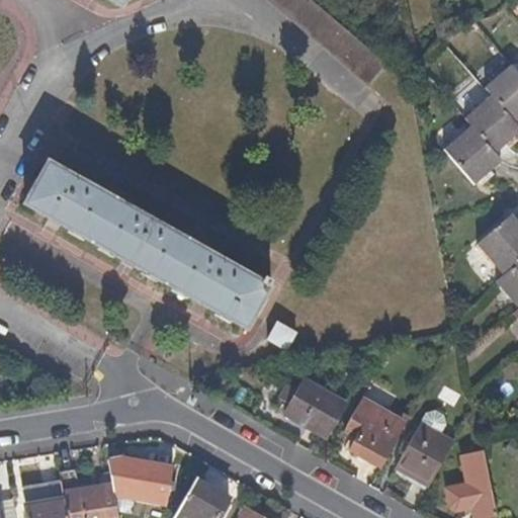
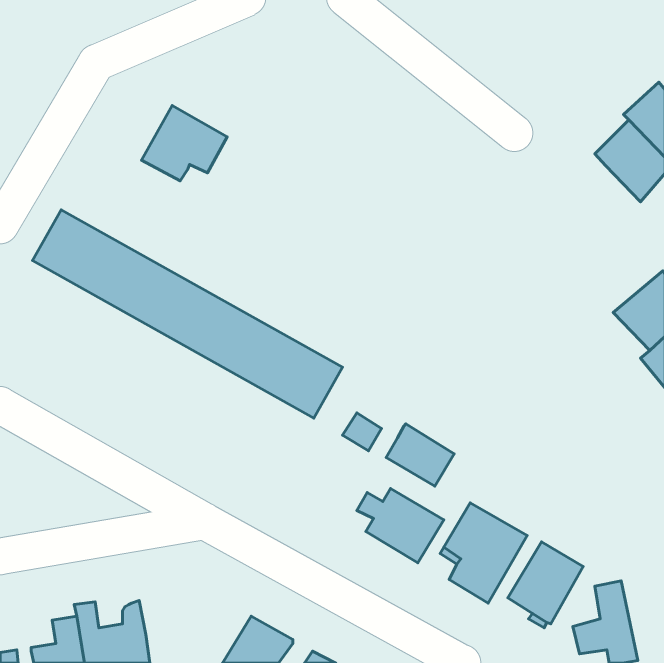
building: none -> [142,106,227,181]
building: [446,128,504,186] -> none
building: none -> [386,424,454,486]
building: [108,454,171,503] -> none

